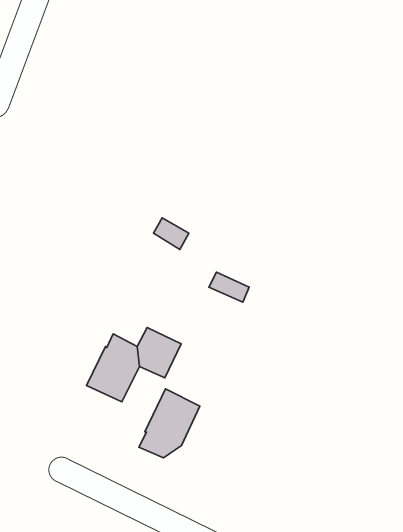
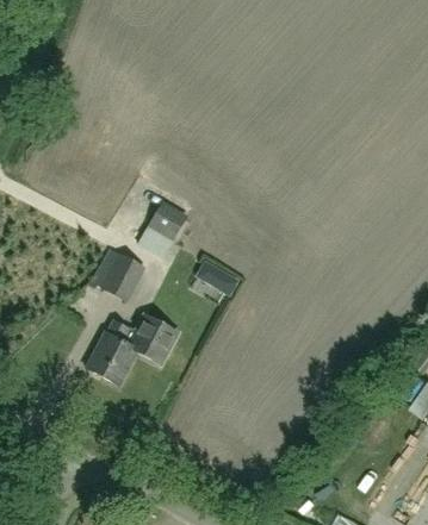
building: none -> [89,250,142,301]
building: [139,389,200,458] -> none

